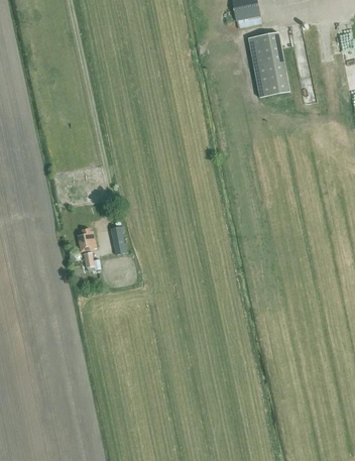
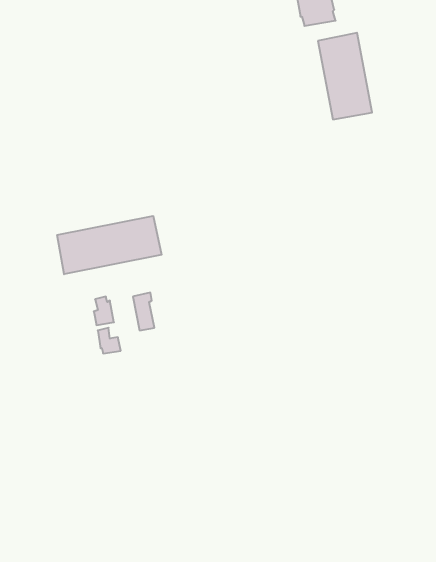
building: none -> [57,216,162,274]

